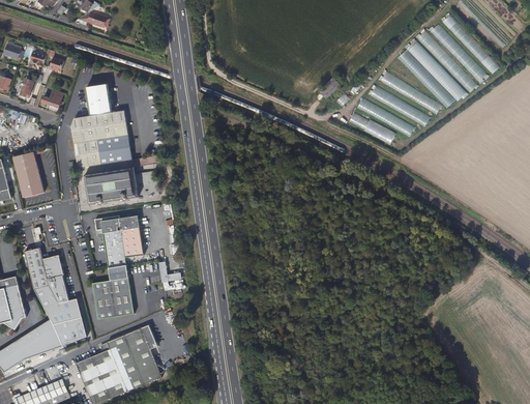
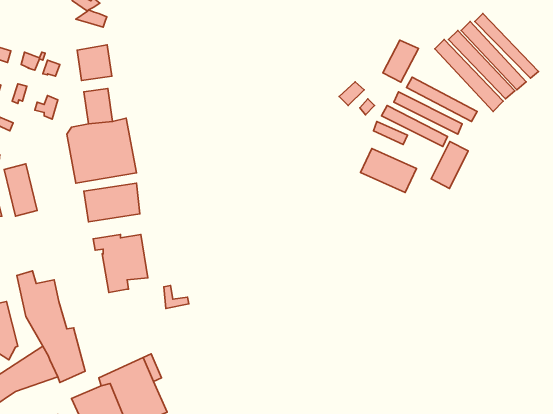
building: none -> [383,40,419,82]
building: none -> [77,45,112,80]
building: none -> [431,141,468,188]
building: none -> [361,148,416,192]
building: [91,264,132,318] -> none

